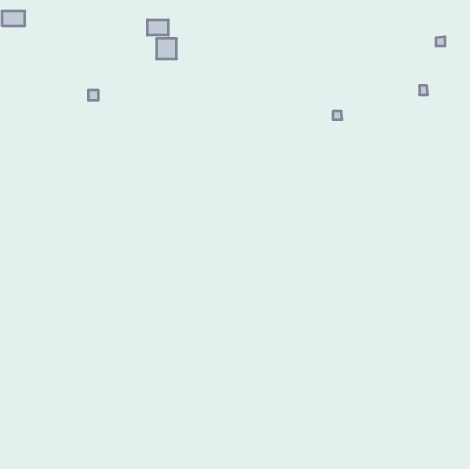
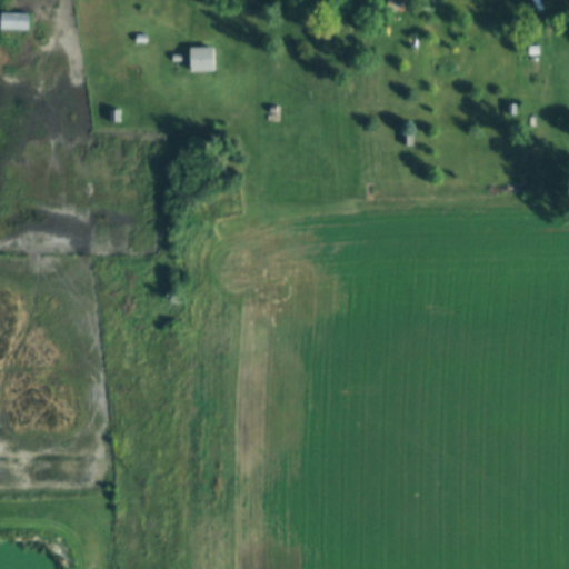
building: [147,20,168,35] -> none

